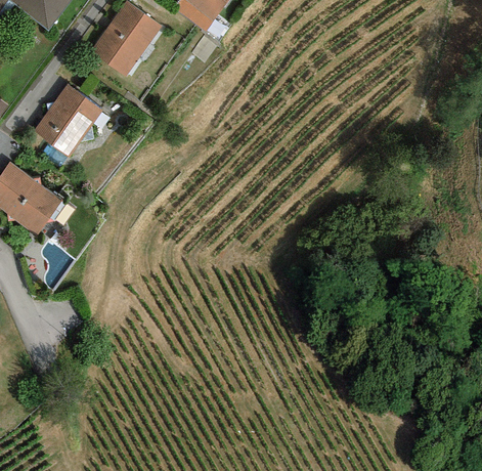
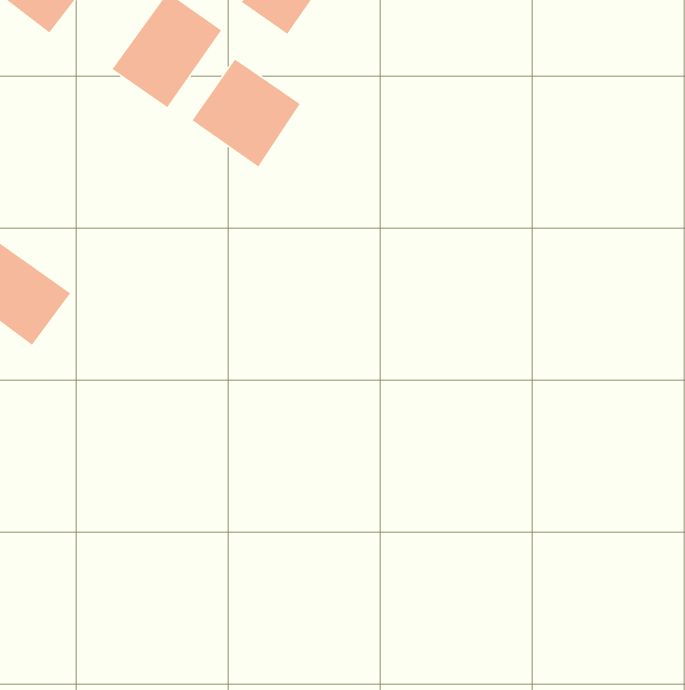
building: none -> [192,58,301,167]
building: [33,83,101,155] -> none

